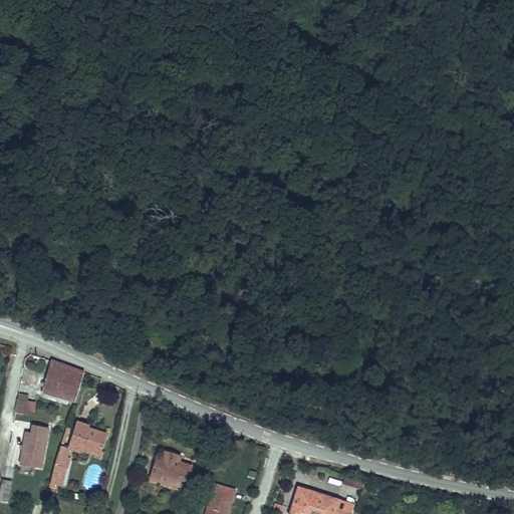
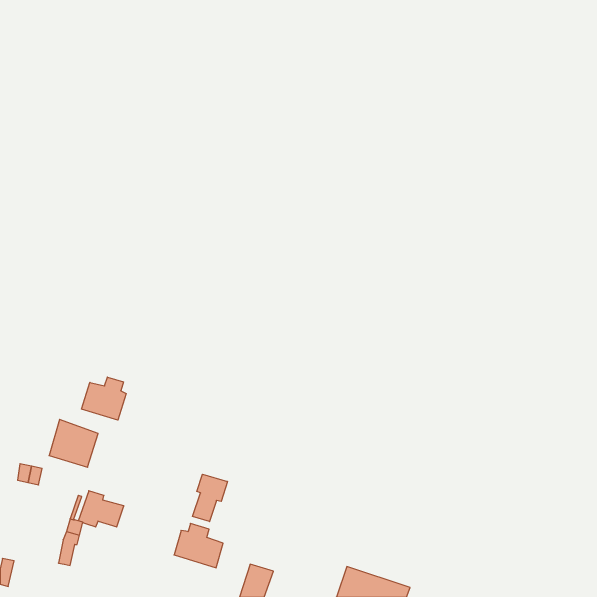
building: none -> [81,377,126,420]
building: none -> [192,474,227,522]
building: [19,426,48,468] -> none

